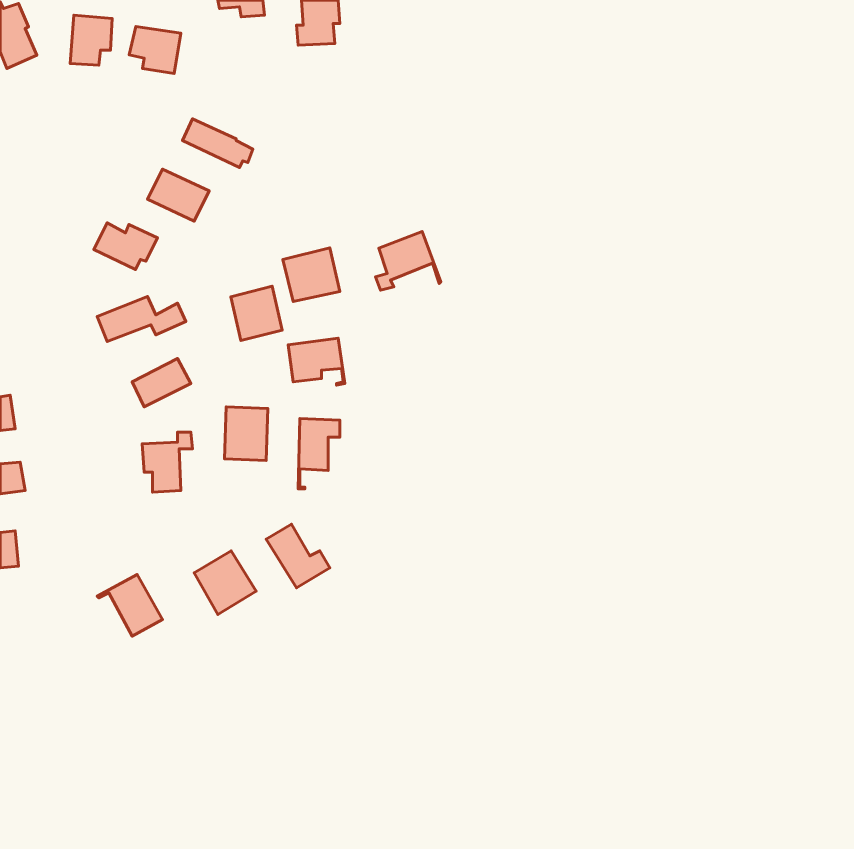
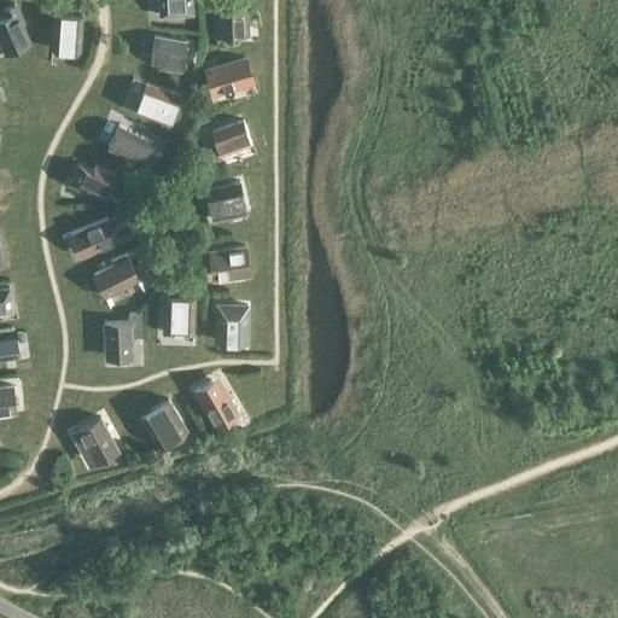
building: [129,26,181,73] -> [150,39,187,72]
building: none -> [206,60,256,98]
building: [375,232,441,290] -> [209,122,256,164]
building: [231,286,282,341] -> none

